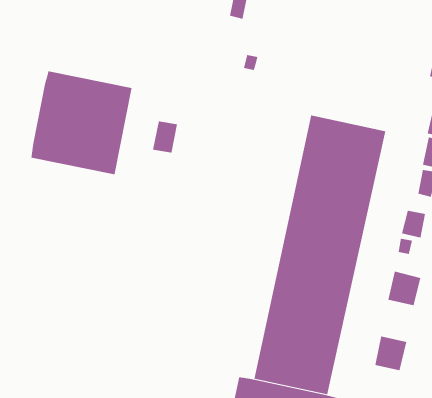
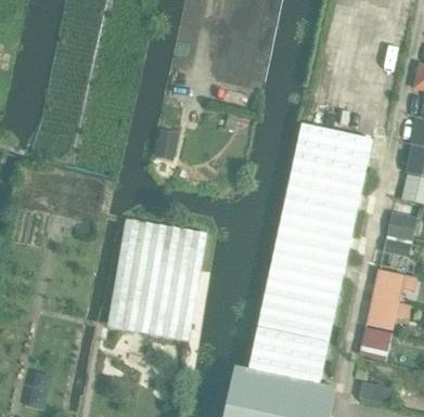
building: [31,70,132,175] -> none
building: none -> [108,219,208,340]
building: none -> [369,299,399,330]

